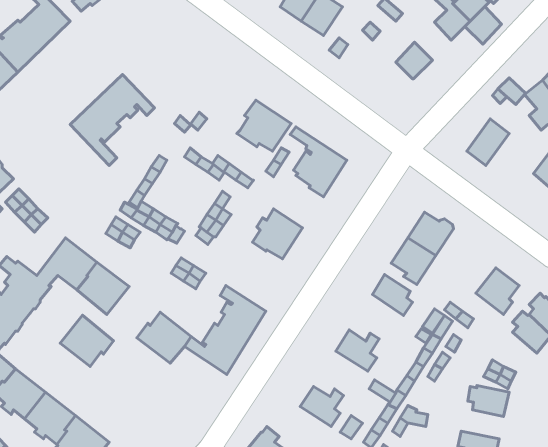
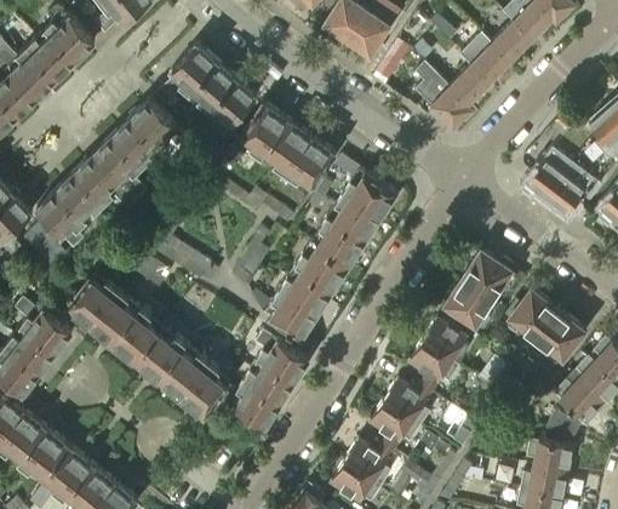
building: [465,6,502,44] -> [470,44,510,85]
building: none -> [161,45,257,136]
building: none -> [424,70,473,128]
building: none -> [242,104,297,161]
building: none -> [36,155,137,247]
building: none -> [548,165,601,215]
building: none -> [316,211,371,268]
building: none -> [270,281,326,339]
building: none -> [507,291,559,339]
building: none -> [410,341,458,389]
building: [60,315,113,366] -> [135,332,193,388]
building: none -> [556,382,603,424]
building: none -> [371,402,419,451]
building: none -> [331,463,379,502]
building: none -> [521,467,567,498]

